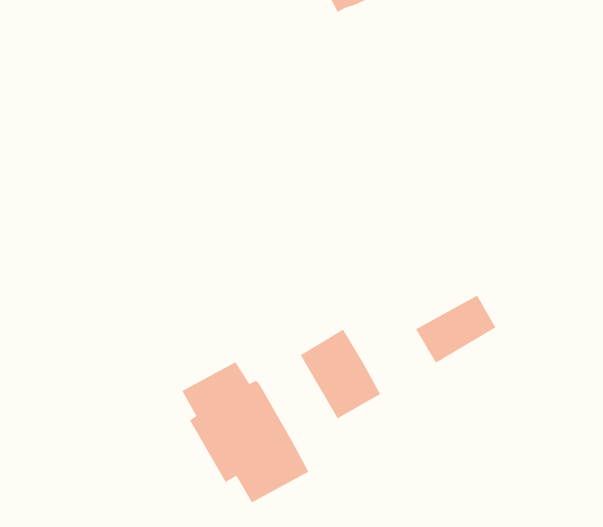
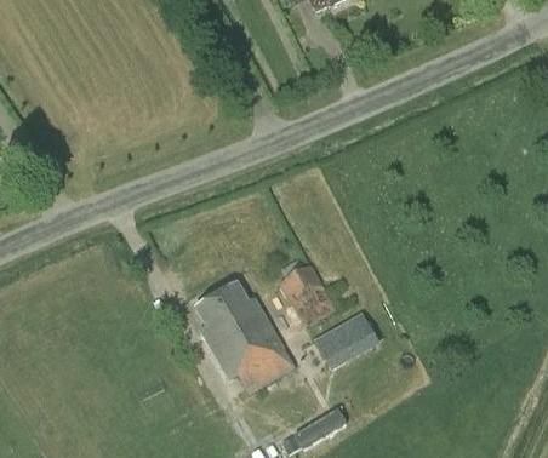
building: [415,295,496,363] -> [314,314,377,367]

